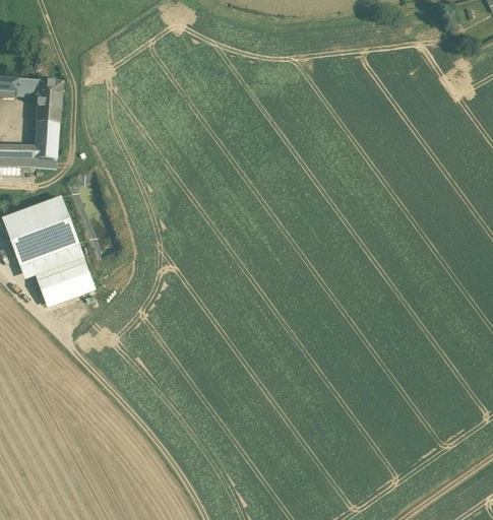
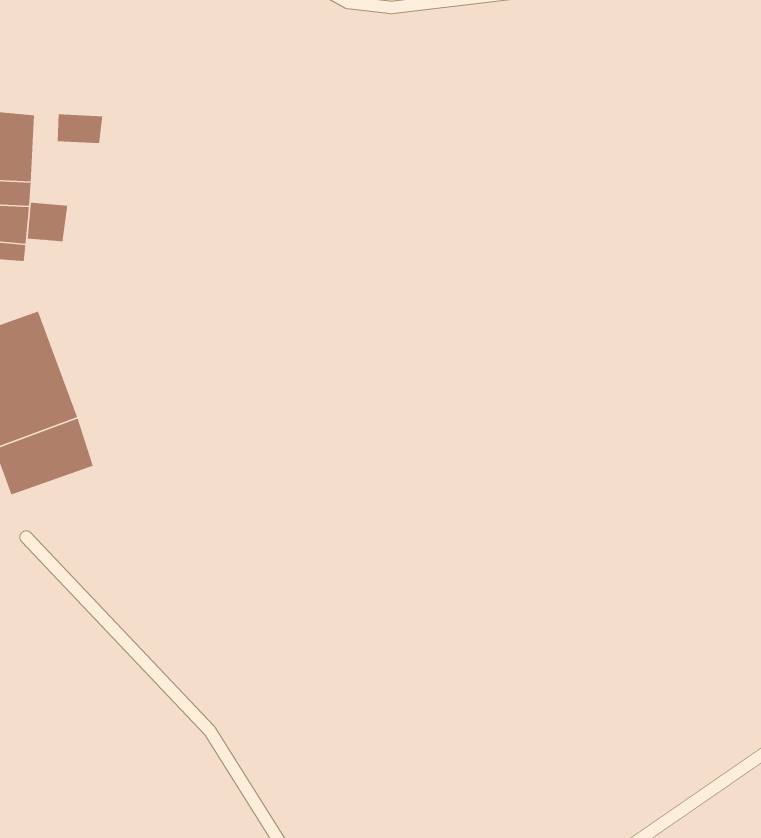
building: none -> [57,113,103,144]
building: none -> [27,202,68,242]

